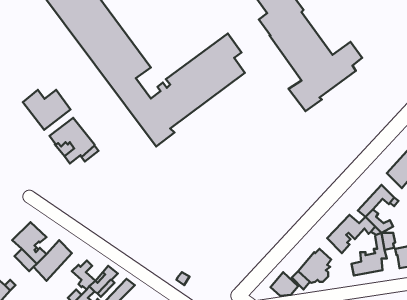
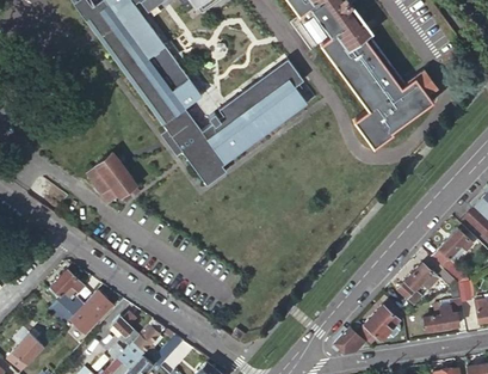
building: [23,90,71,130] -> none

